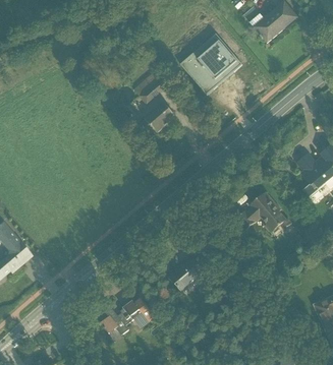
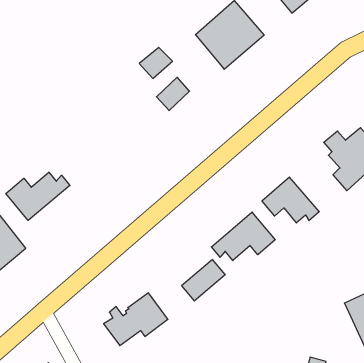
building: none -> [6,172,70,220]
building: none -> [211,212,275,261]

